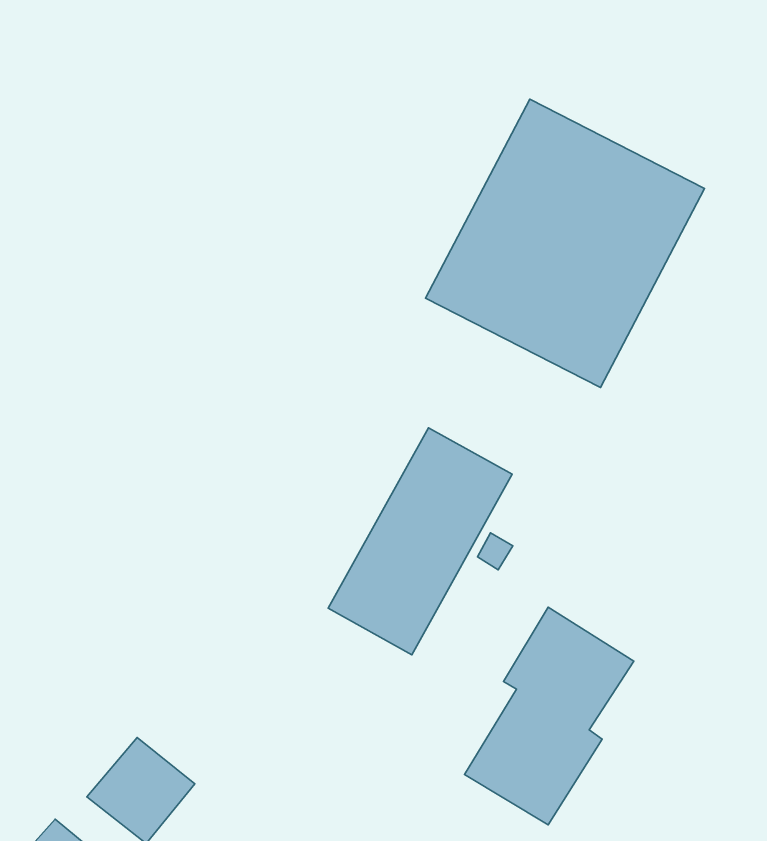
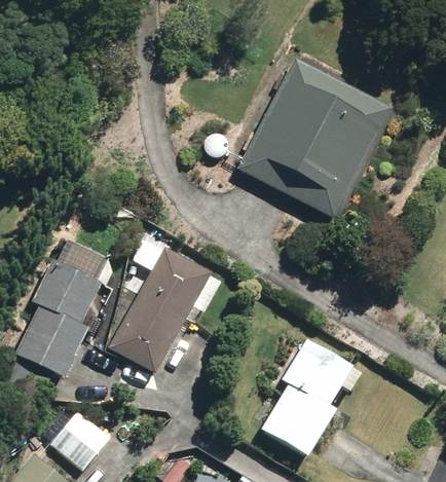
building: [328,428,512,655] -> [109,247,211,372]
building: none -> [15,238,108,377]

